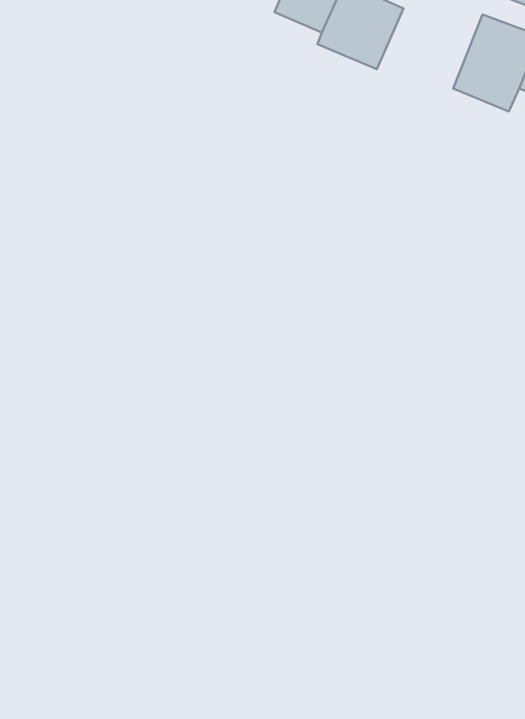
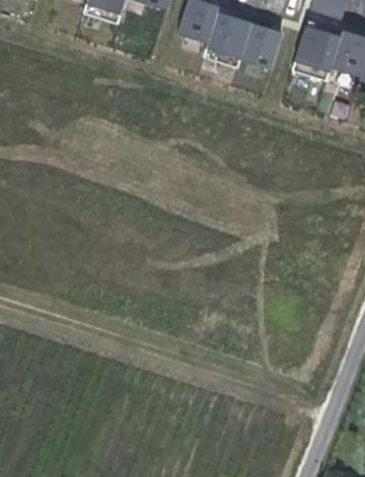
building: none -> [241,22,284,70]

